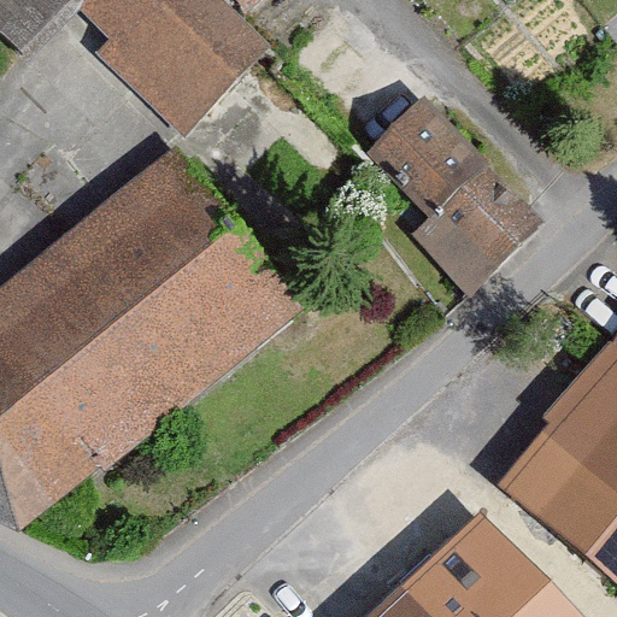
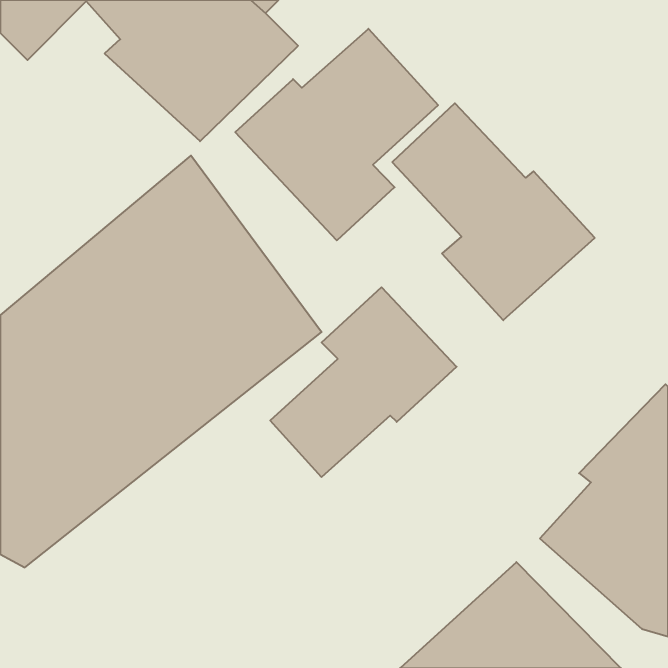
building: none -> [235,29,438,240]
building: none -> [270,287,457,477]

